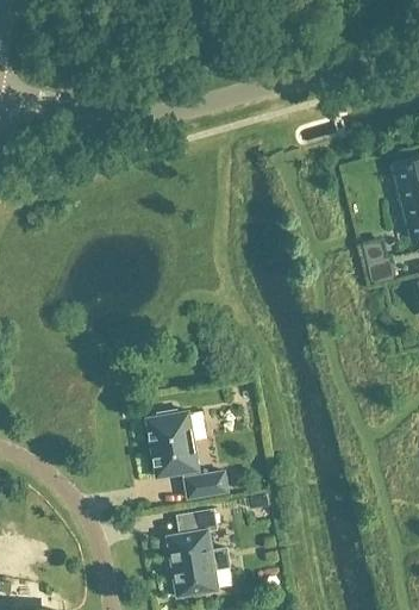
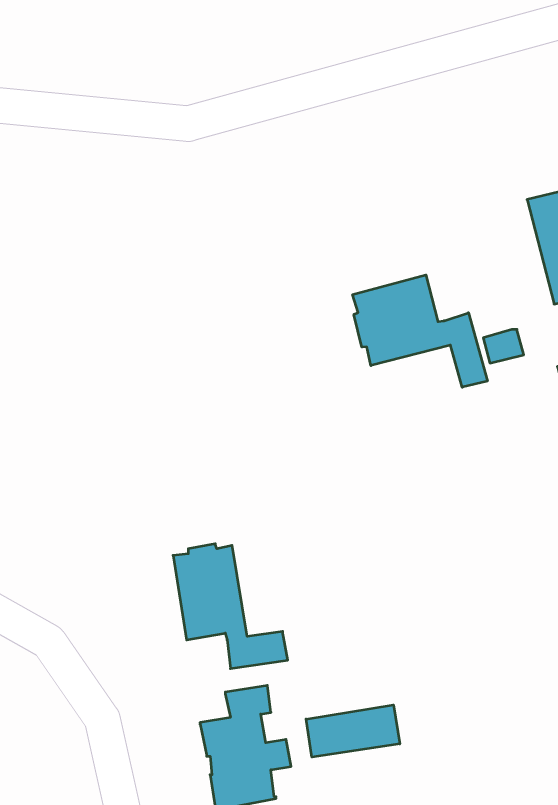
building: none -> [353,275,487,387]
building: none -> [306,705,400,757]

